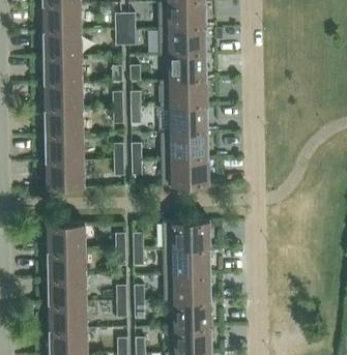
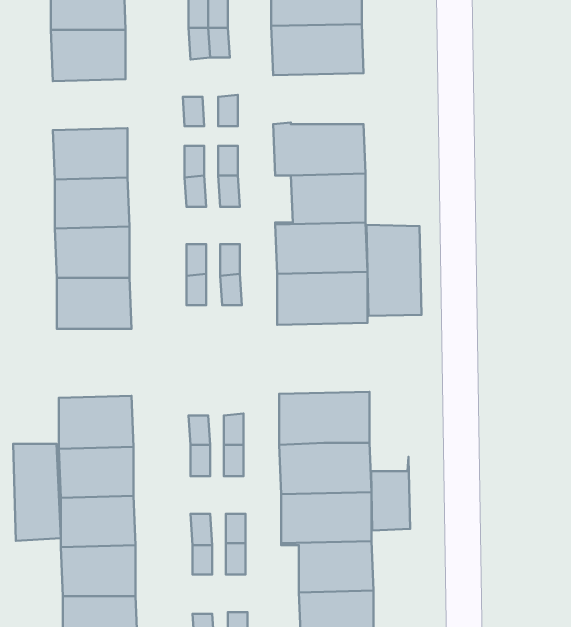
building: [158,55,206,82] -> none
building: [42,58,82,85] -> none
building: none -> [367,225,422,316]
building: none -> [13,444,61,541]
building: none -> [371,457,410,531]

